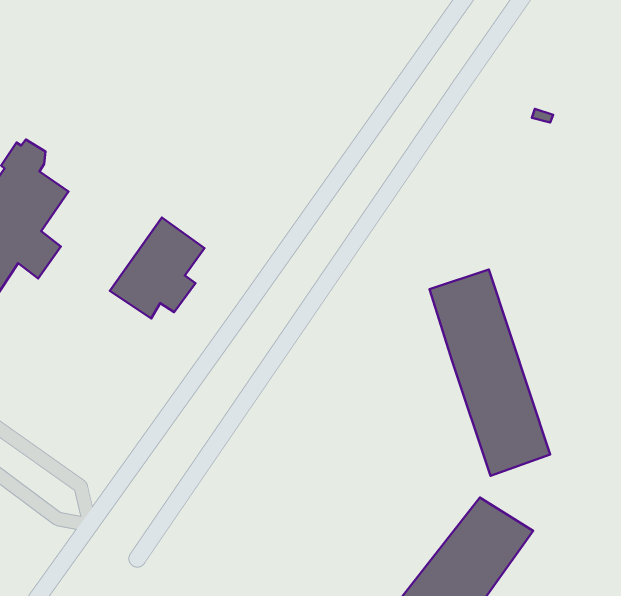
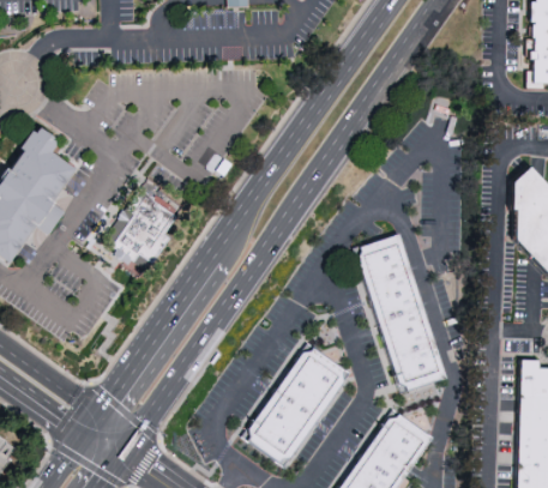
building: none -> [243,345,348,465]

